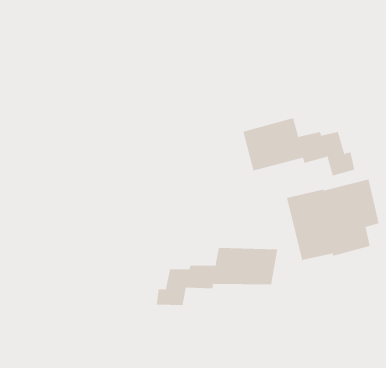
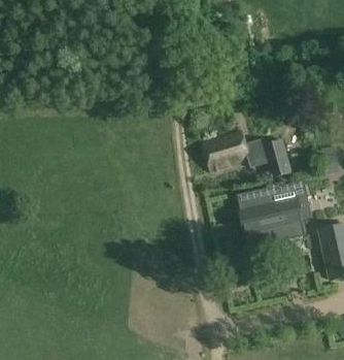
building: [156,247,278,306] -> none

